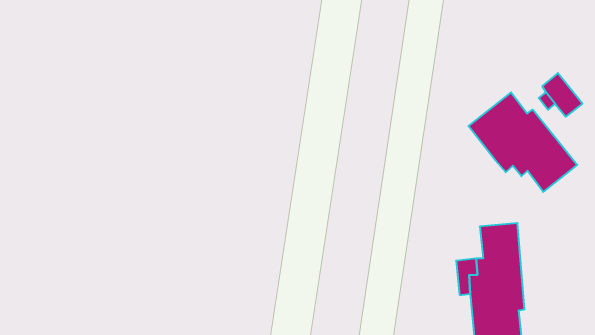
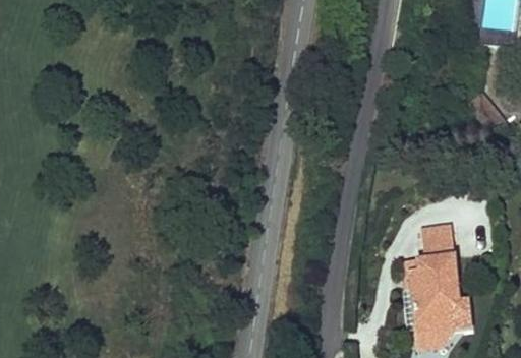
building: [468,92,577,192] -> none

